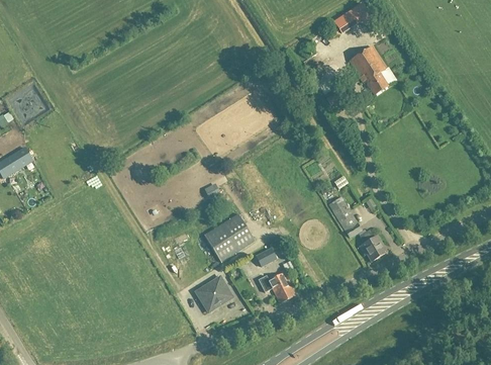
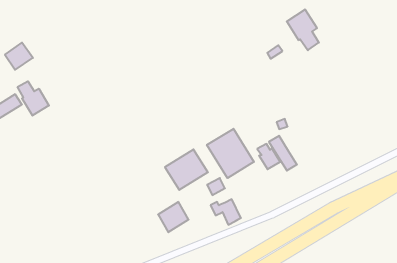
building: none -> [18,81,49,116]
building: none -> [207,129,254,178]
building: [359,230,386,260] -> [257,144,280,169]

